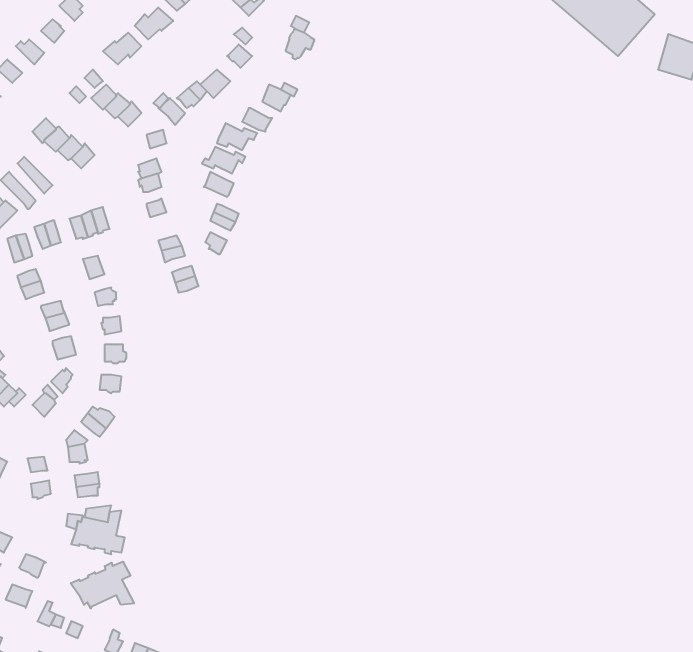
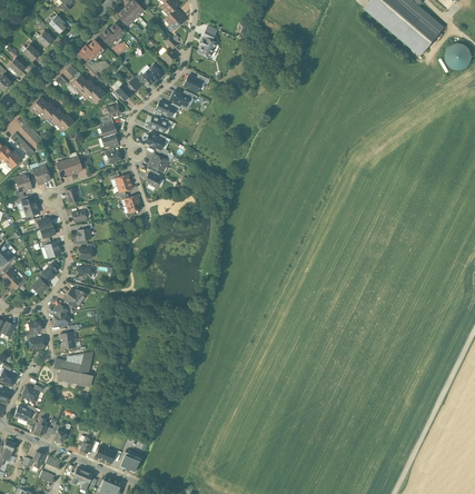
building: [71,562,134,609] -> none

